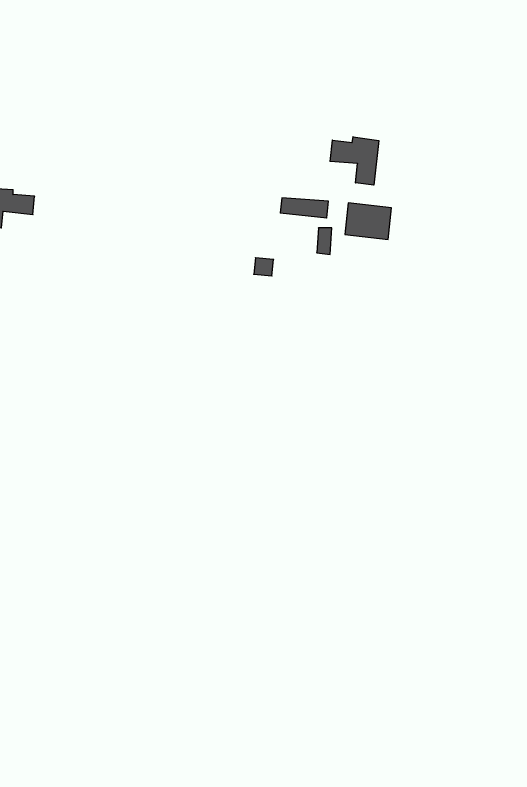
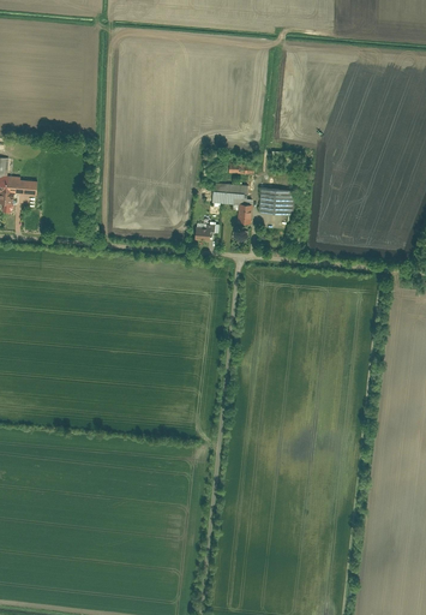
building: [330,137,379,185] -> none

